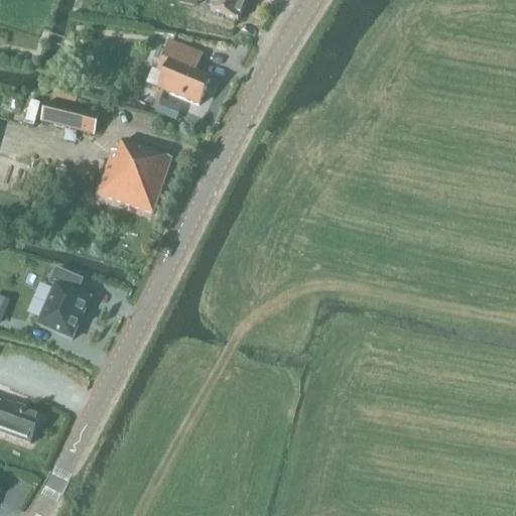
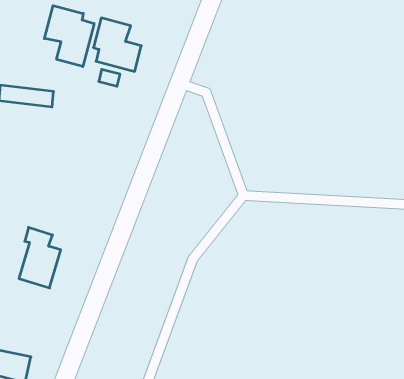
building: none -> [44,6,94,67]
building: [86,138,170,210] -> none

